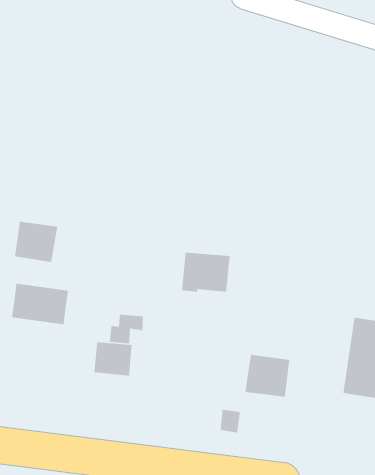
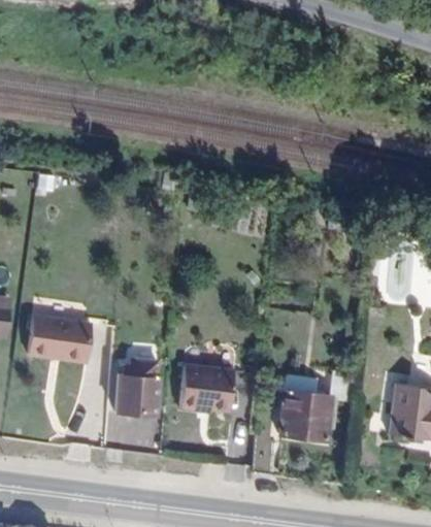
building: [14,221,58,263] -> none
building: [181,252,230,293] -> [180,366,234,410]

